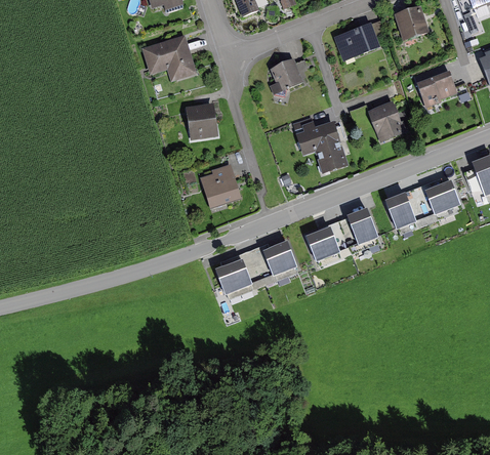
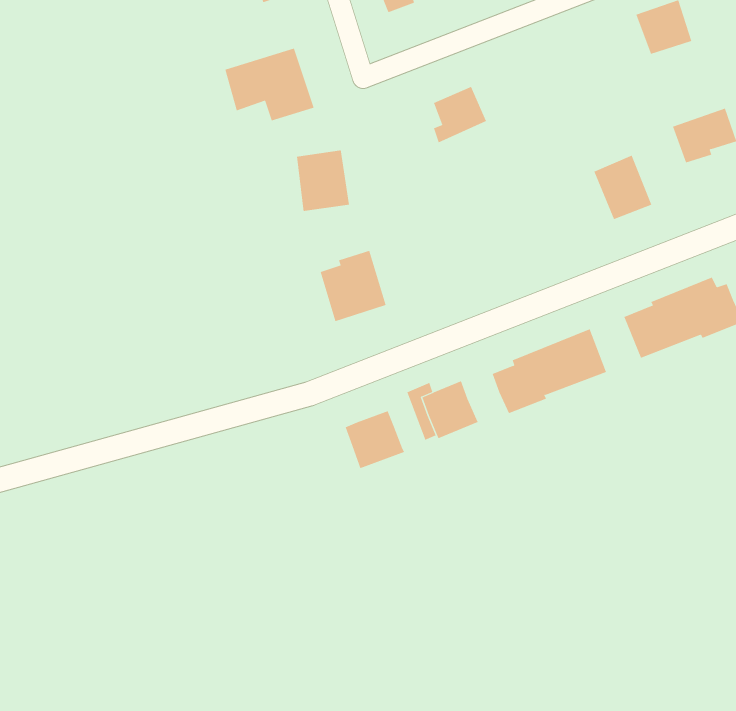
building: [333,22,380,59] -> none
building: [295,122,348,174] -> none
building: [220,247,264,282] -> none

